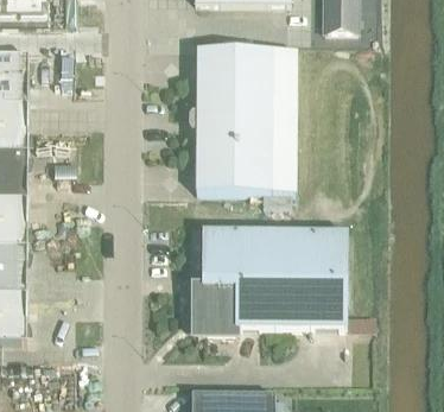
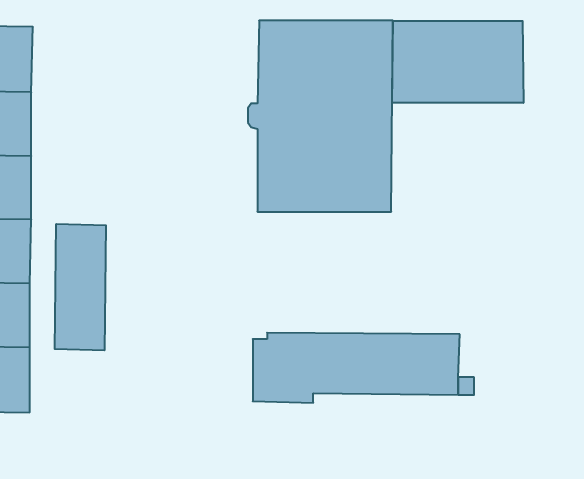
building: none -> [392,21,523,103]
building: none -> [55,224,106,350]
building: [202,229,345,281] -> none

